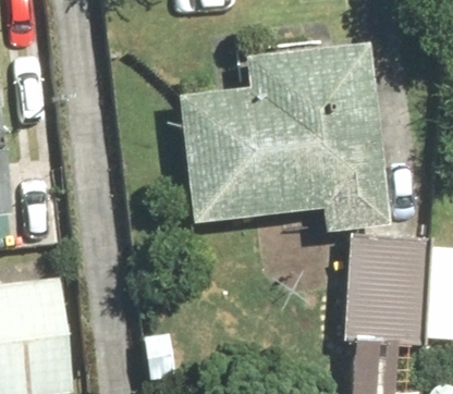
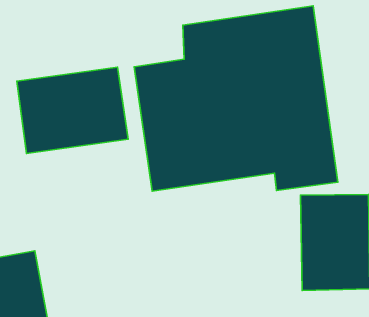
building: none -> [17,67,128,153]

